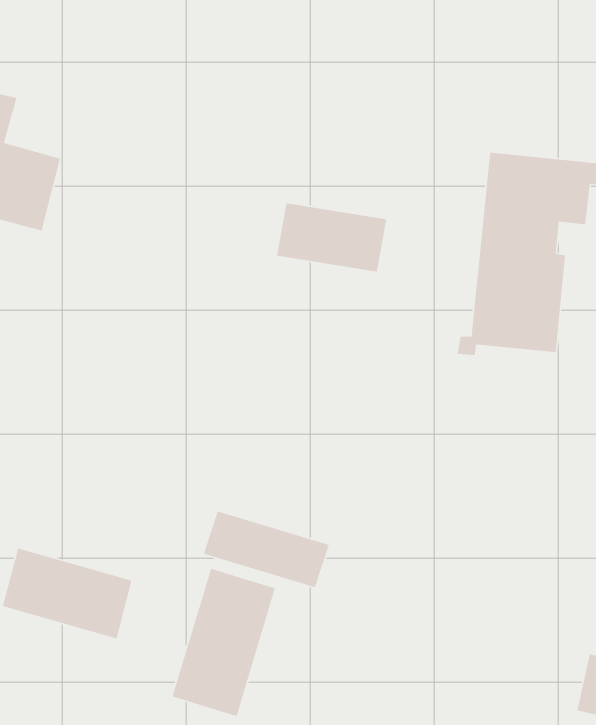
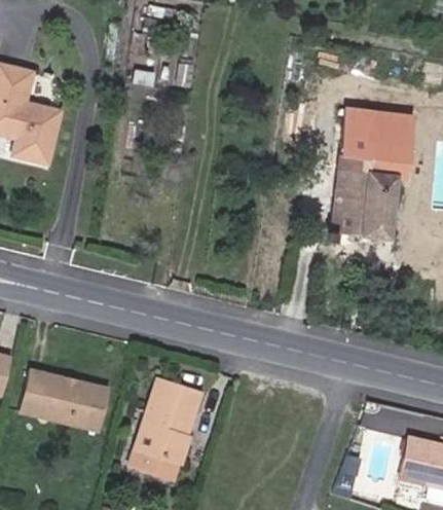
building: [276,203,387,273] -> none
building: [203,510,330,588] -> none

